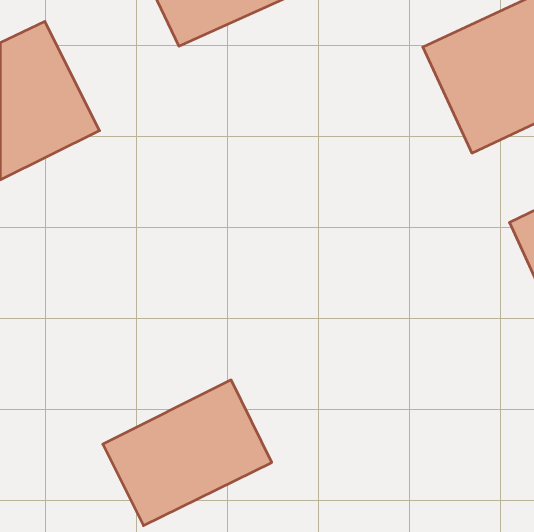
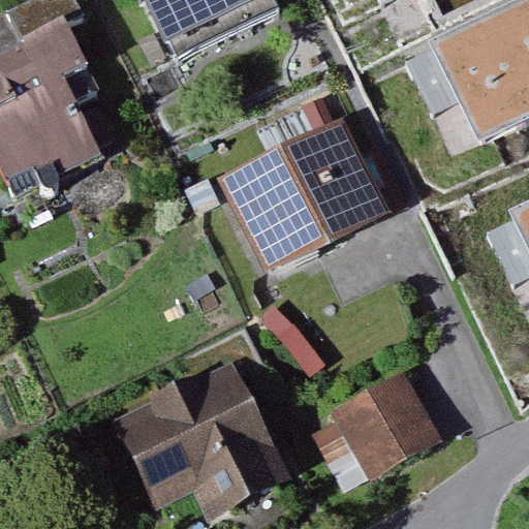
building: none -> [221,120,385,273]
building: none -> [318,367,445,481]

